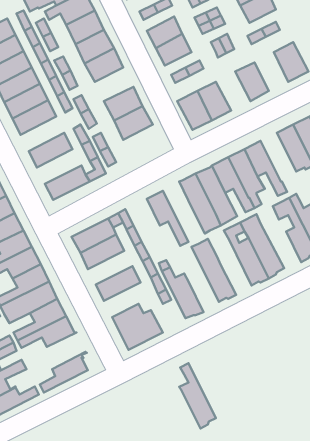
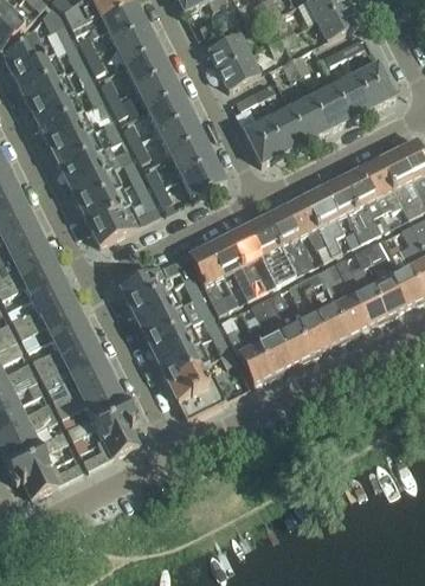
building: none -> [333,72,372,117]
building: none -> [147,90,192,129]
building: none -> [288,95,328,140]
building: none -> [60,143,118,187]
building: none -> [180,156,226,197]
building: none -> [340,166,381,234]
building: none -> [79,185,131,225]
building: none -> [226,223,275,292]
building: none -> [188,243,237,311]
building: none -> [335,256,387,323]
building: none -> [288,279,329,354]
building: none -> [139,303,191,342]
building: none -> [157,340,210,380]
building: none -> [66,398,136,440]
building: [179,363,216,429] -> [249,298,291,374]

